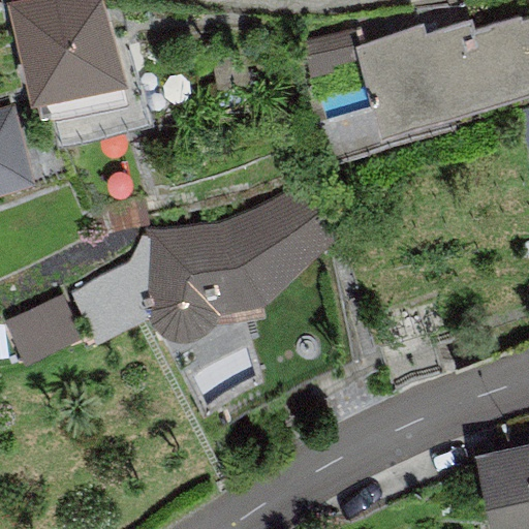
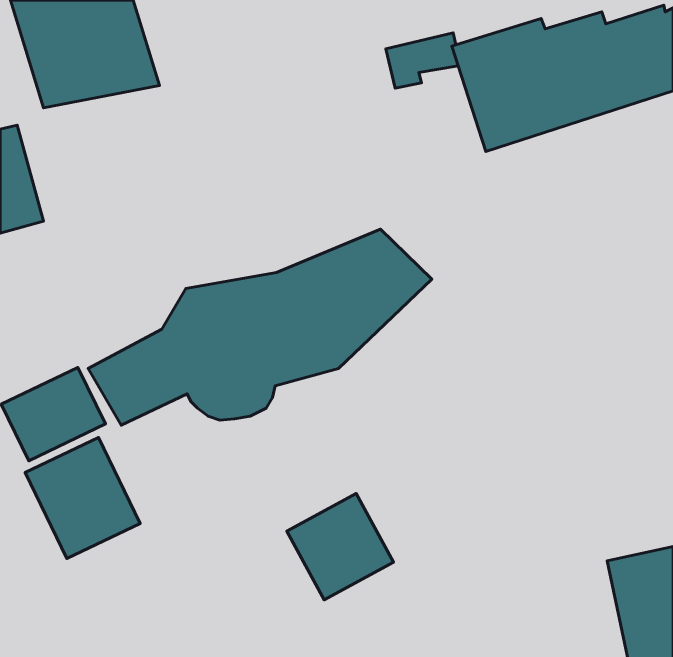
building: none -> [25,438,140,559]
building: none -> [287,494,394,600]

